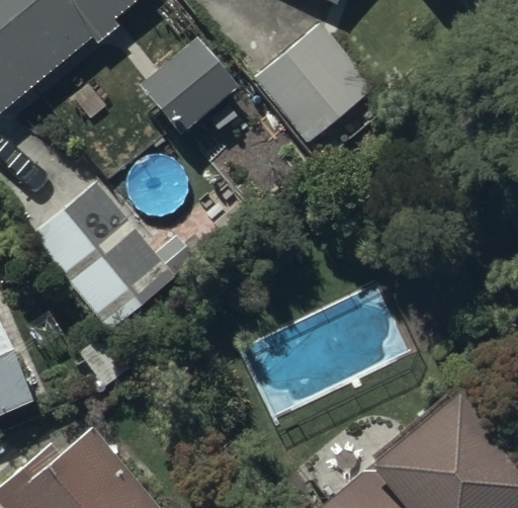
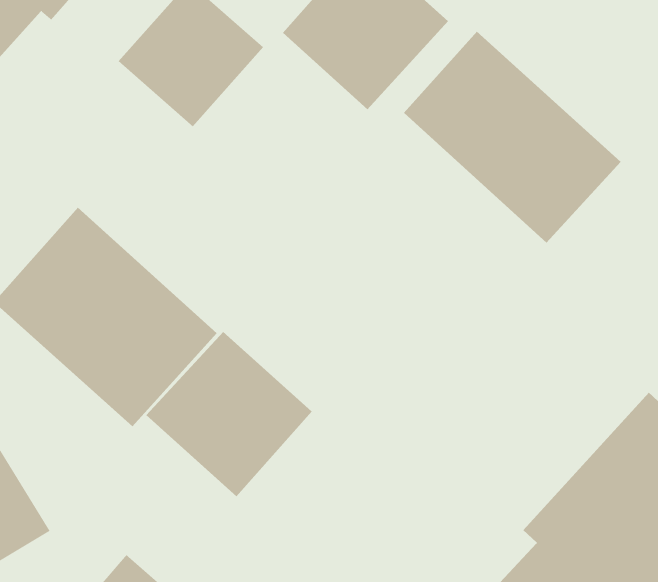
building: none -> [403,31,621,243]
building: none -> [146,331,313,497]

